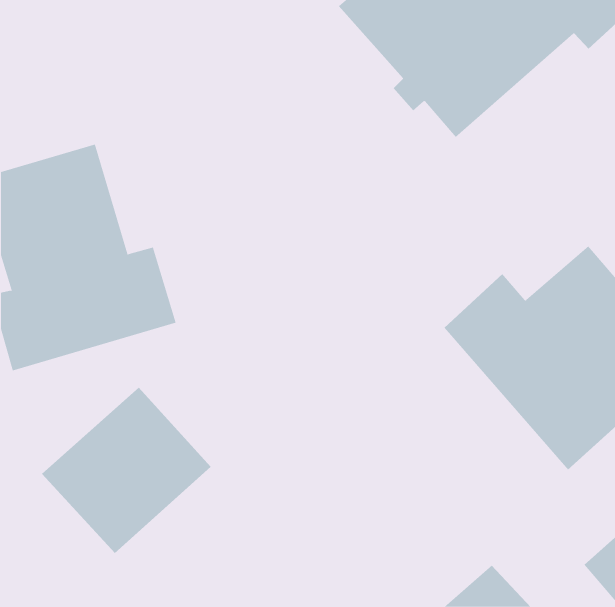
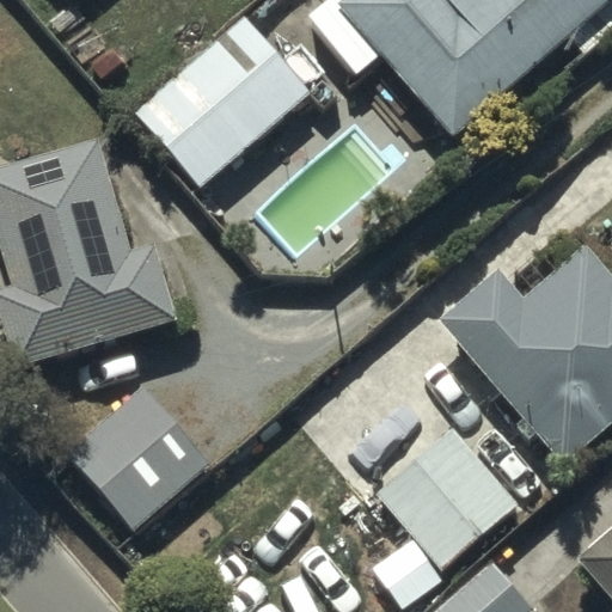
building: none -> [133,14,310,186]
building: none -> [377,426,519,568]

